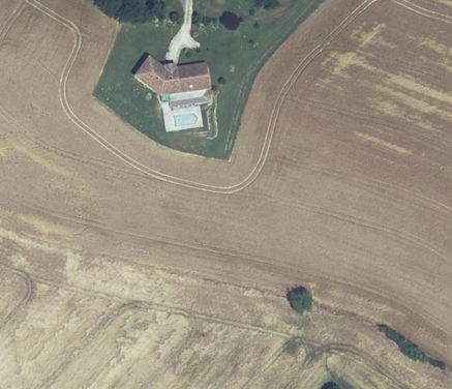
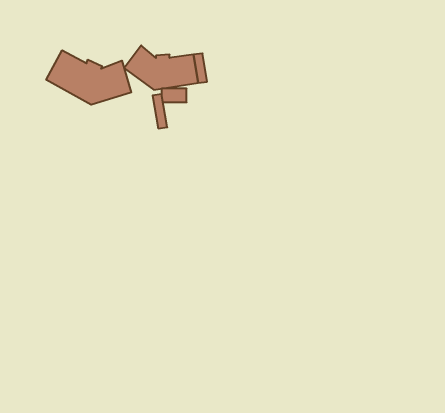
building: none -> [46,50,131,105]

